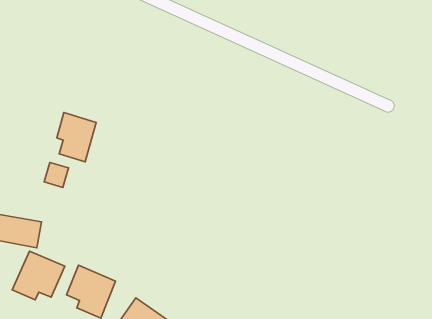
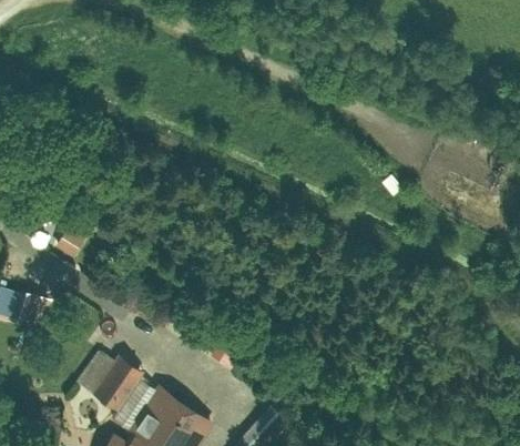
building: [57,113,96,162] -> none
building: [12,251,65,300] -> none

